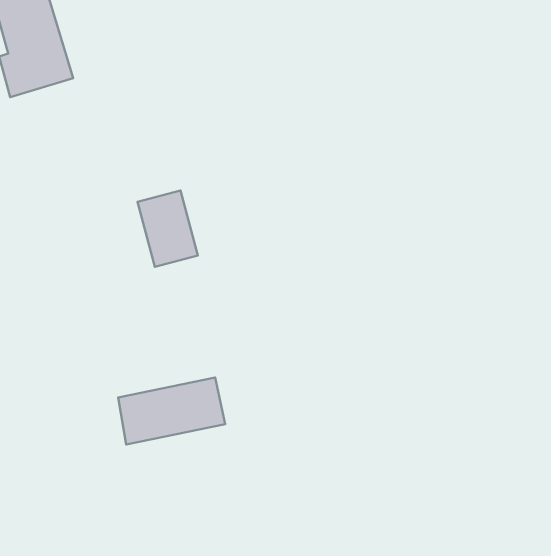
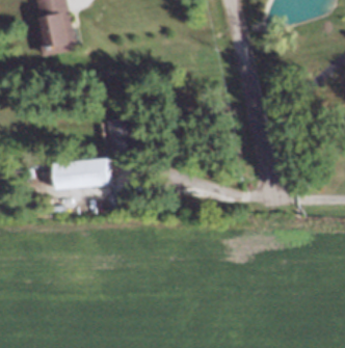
building: [118,377,225,445] -> [51,158,108,190]

